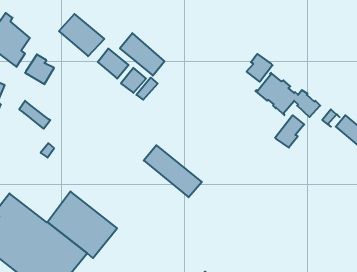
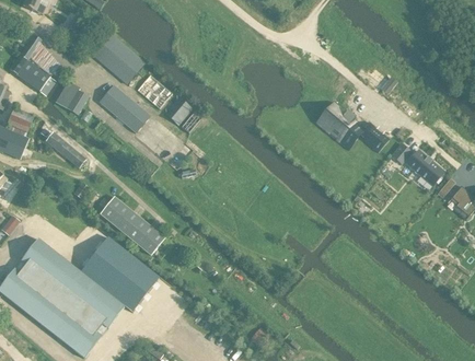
building: [120,33,164,76] -> [99,84,149,132]
building: [247,54,273,82] -> none
building: [275,115,304,148] -> none
building: [144,145,202,197] -> [99,196,164,255]

